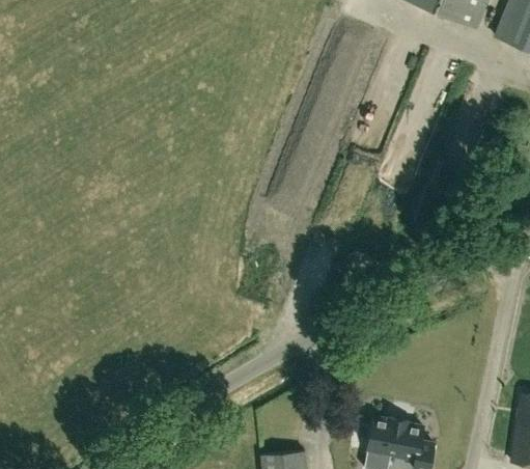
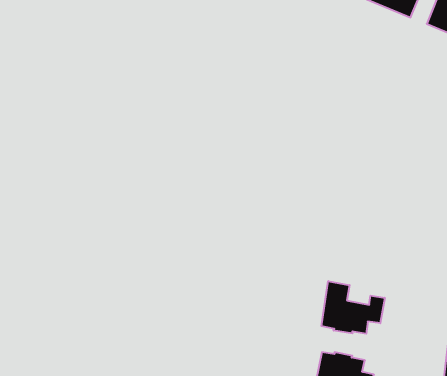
building: none -> [321,281,385,334]

